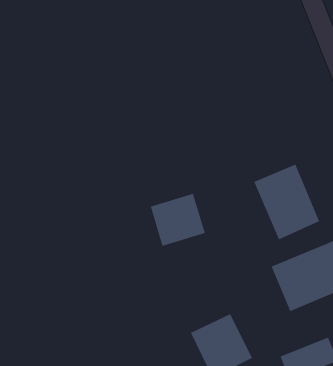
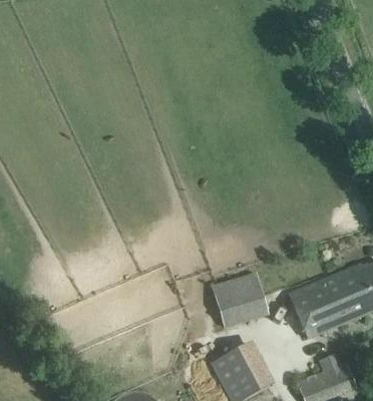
building: [253,163,320,240] -> none
building: [150,193,206,247] -> [213,273,268,326]

